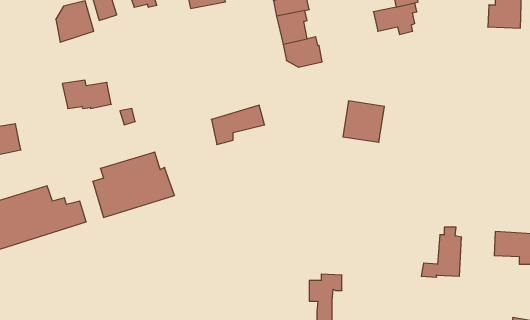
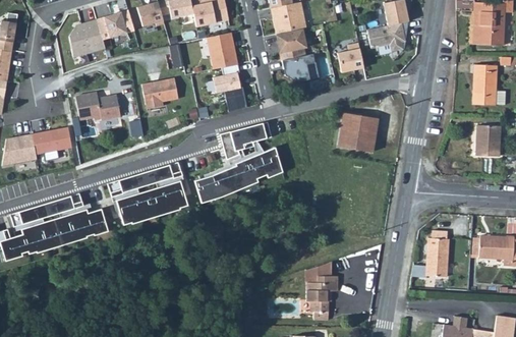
building: none -> [207,33,237,68]
building: none -> [338,43,363,72]
building: none -> [472,64,505,106]
building: none -> [213,73,247,114]
building: none -> [141,77,178,108]
building: none -> [475,125,501,157]
building: none -> [32,127,72,155]
building: none -> [185,144,273,196]

